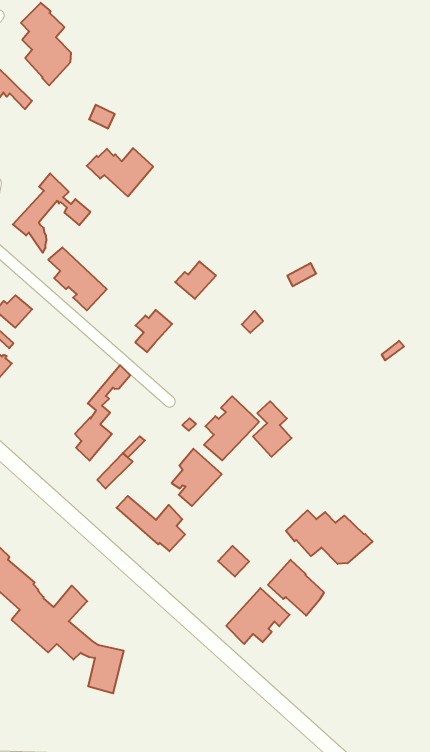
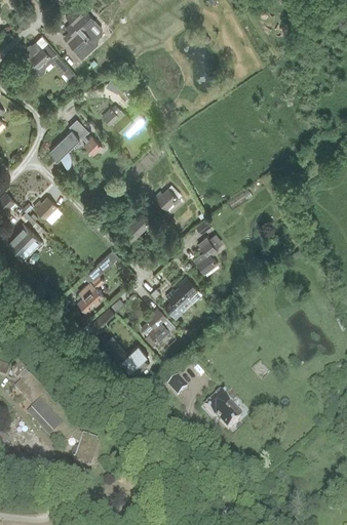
building: [48,247,107,310] -> none
building: [253,401,292,457] -> [193,237,219,274]
building: [286,510,373,564] -> none
building: [226,588,290,644] -> none

